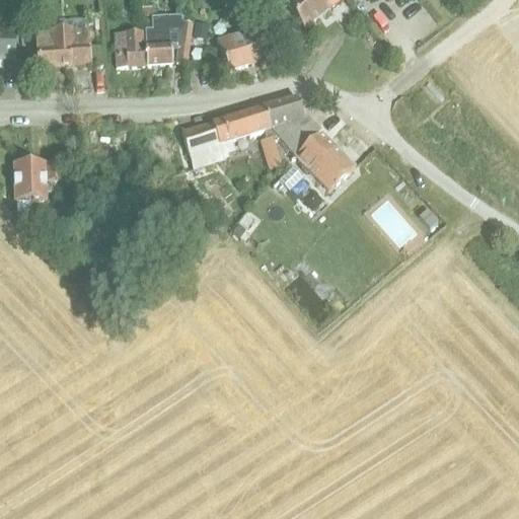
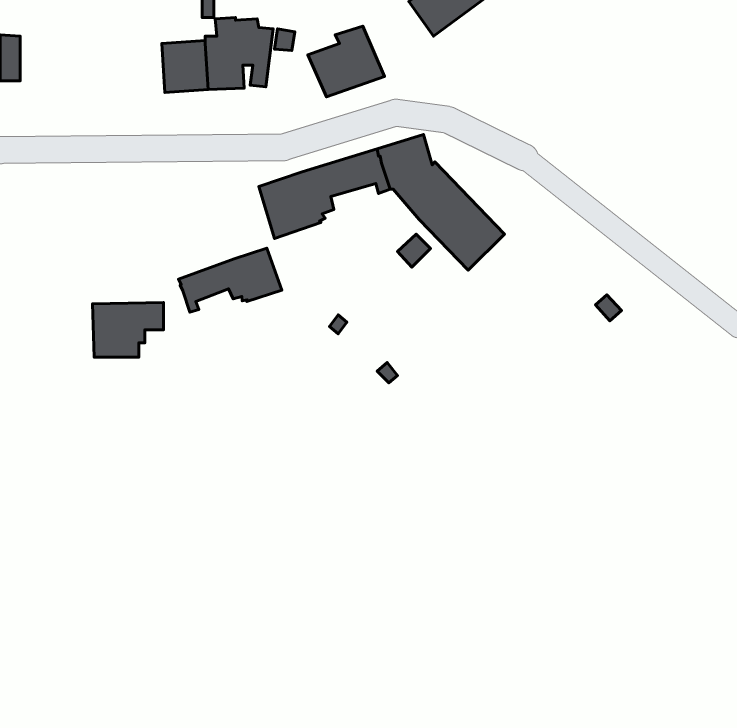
building: [38,26,104,66] -> none
building: [14,160,64,199] -> [93,302,163,357]
building: none -> [179,248,282,312]

